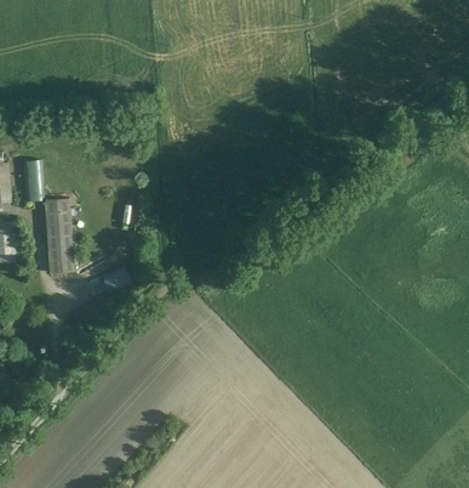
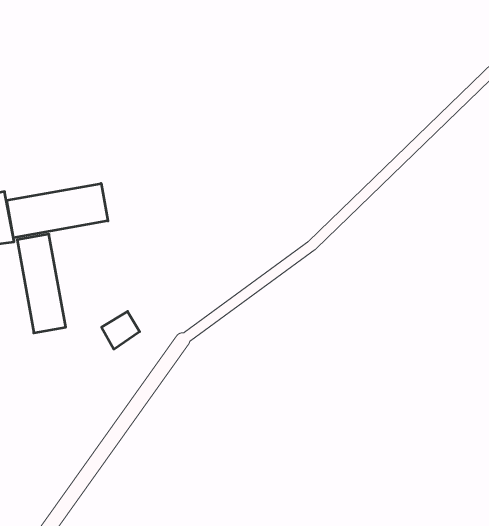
building: none -> [7,183,108,238]

